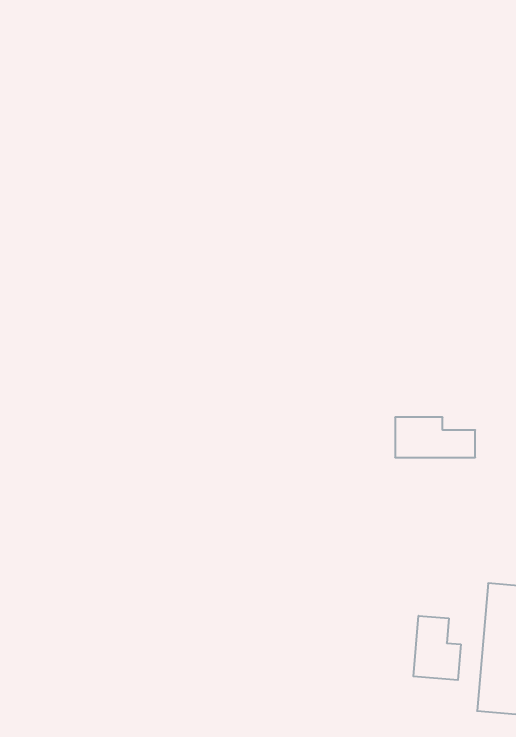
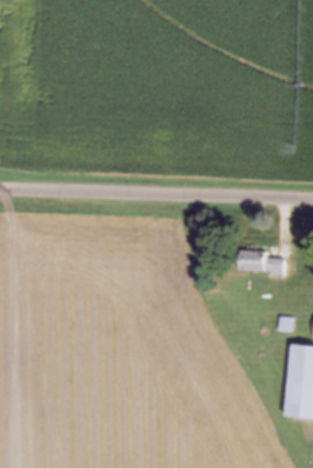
building: [413,616,461,680] -> none

